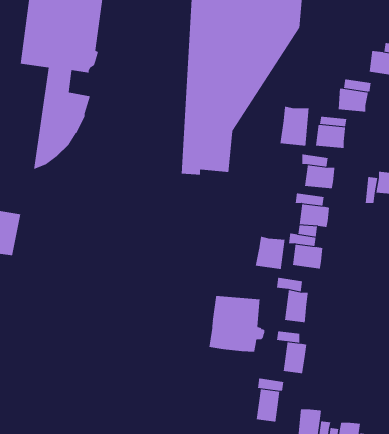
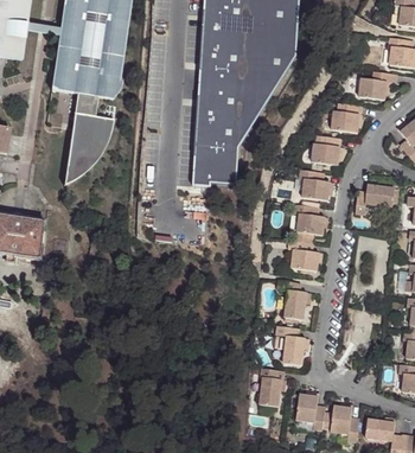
building: [280,106,309,147] -> none
building: [255,236,285,270] -> none
building: [209,295,265,353] -> none

